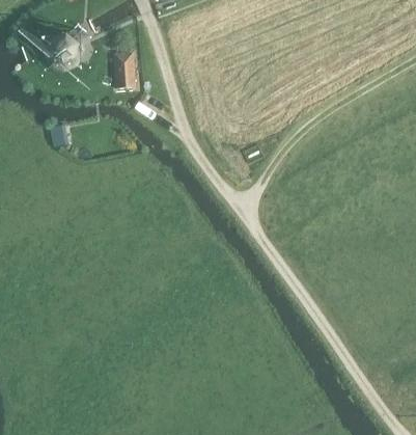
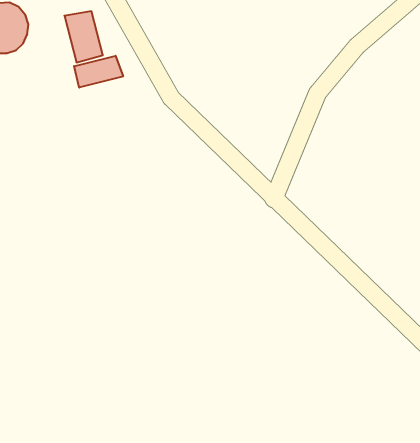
building: none -> [74,56,123,88]

